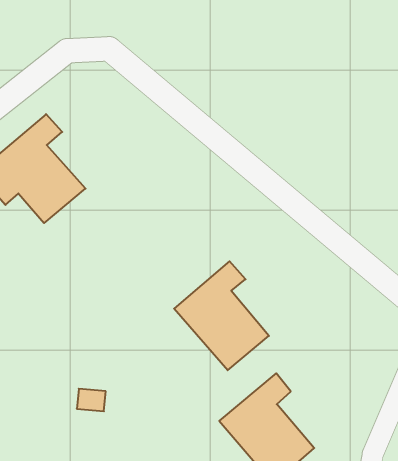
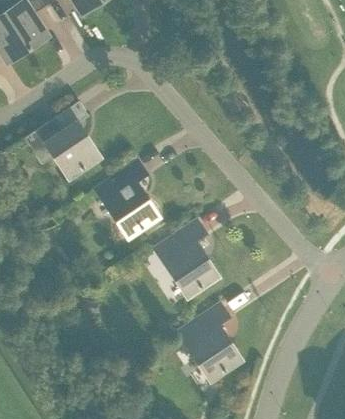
building: none -> [95,162,160,240]

